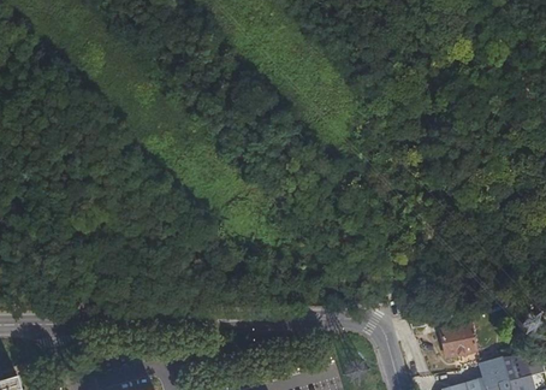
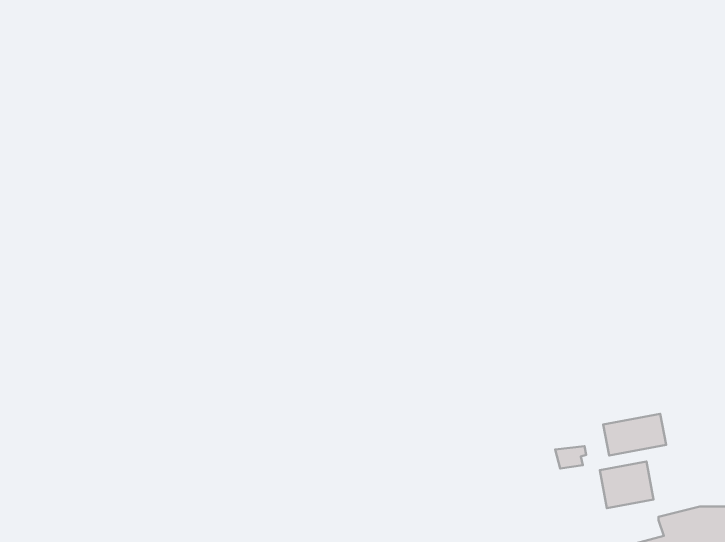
building: none -> [603,414,666,455]

